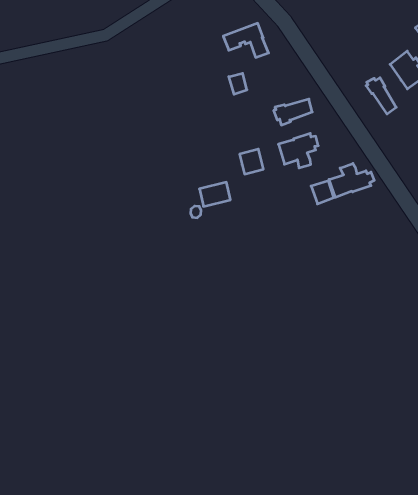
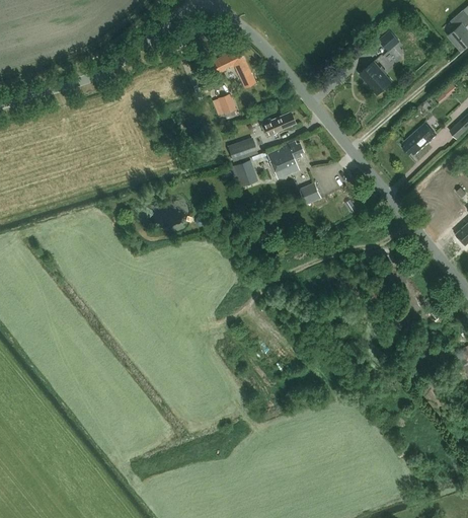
building: [366,78,396,114] -> none
building: [329,163,374,197] -> none
building: [199,182,230,206] -> [228,138,256,161]

